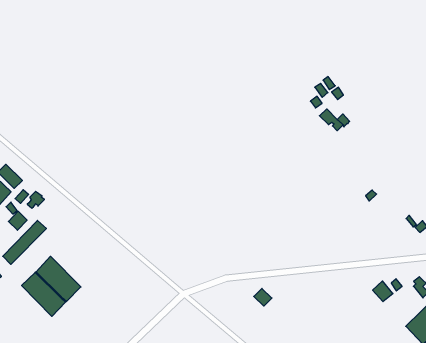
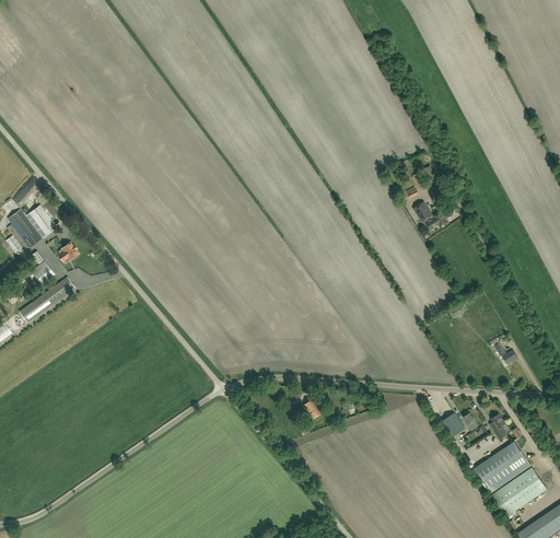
building: [22,256,81,316] -> none

